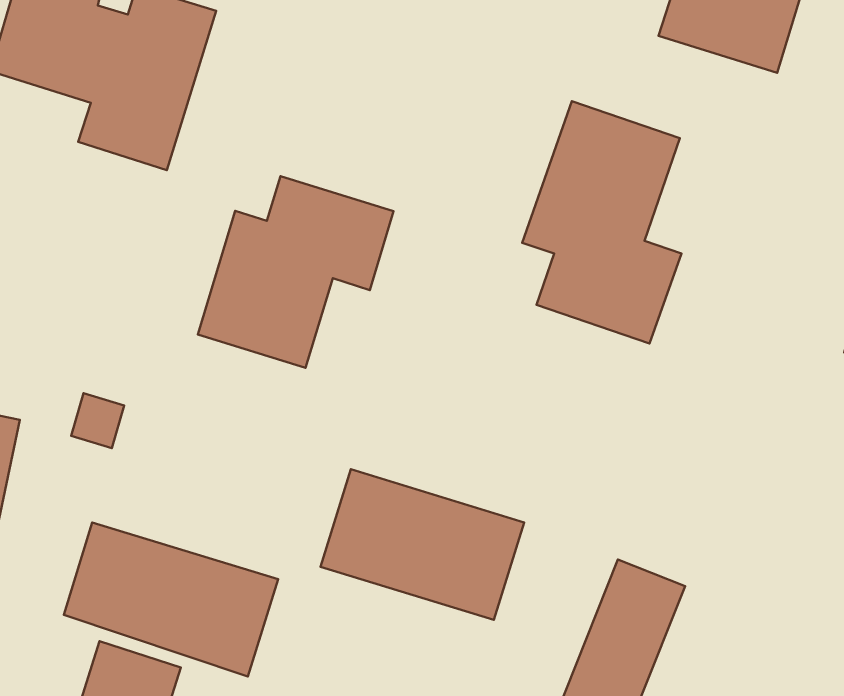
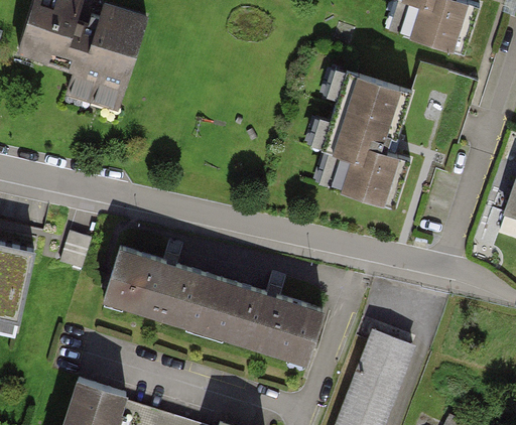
building: [198,176,393,368] -> none
building: [64,523,278,677] -> [101,247,223,334]

